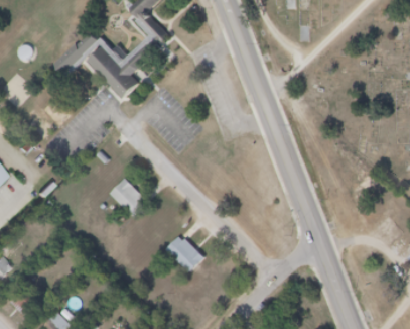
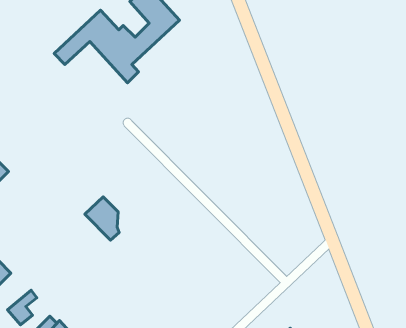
building: [108,177,140,217] -> [85,197,119,240]
building: [163,234,204,272] -> none

